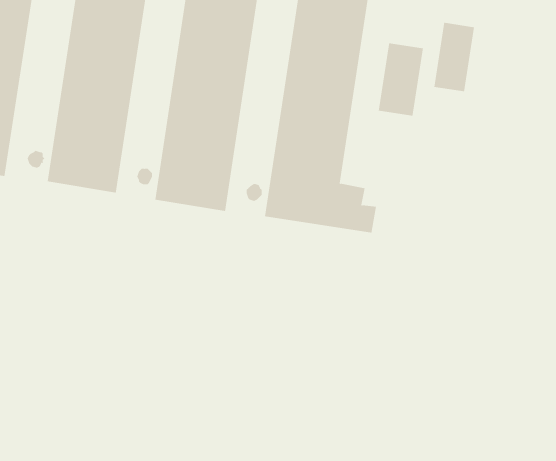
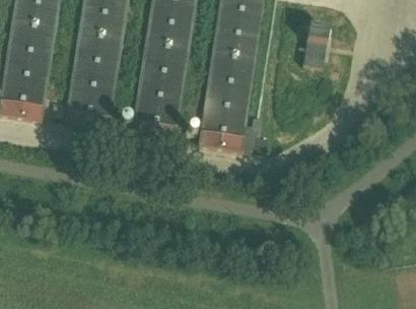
building: [378,43,424,117] -> none

